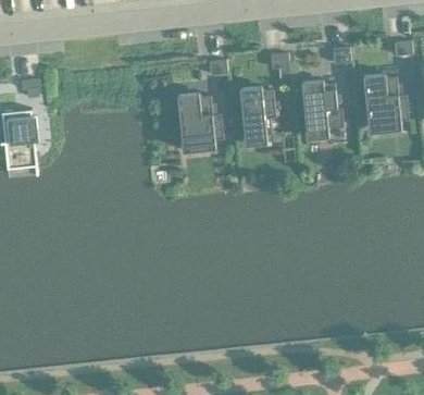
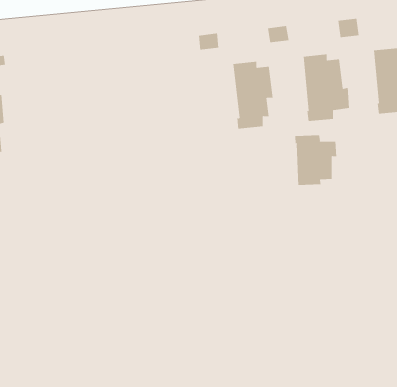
building: [178,92,224,152] -> none
building: none -> [295,134,337,186]

